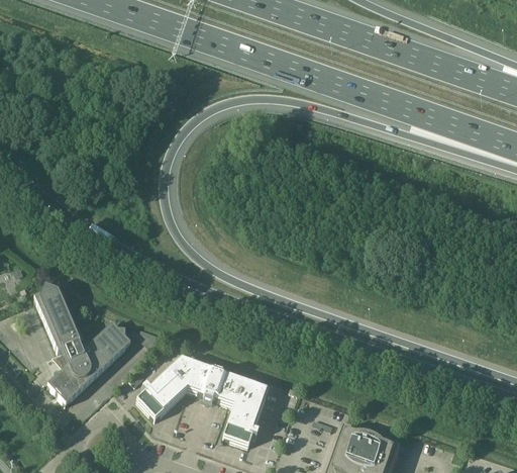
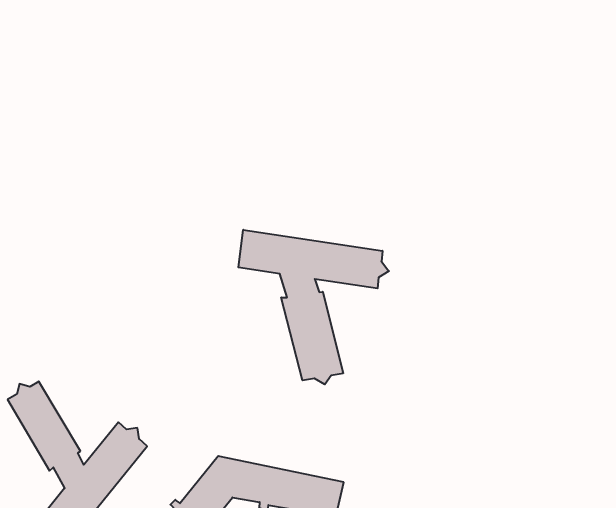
building: none -> [238,230,389,384]

